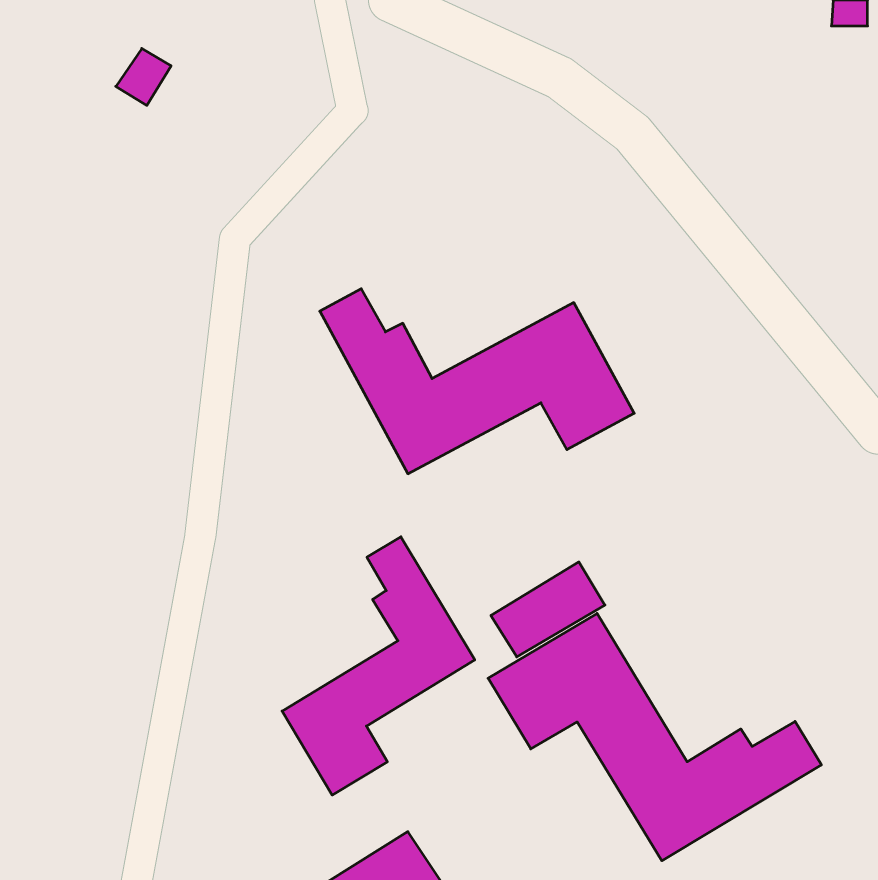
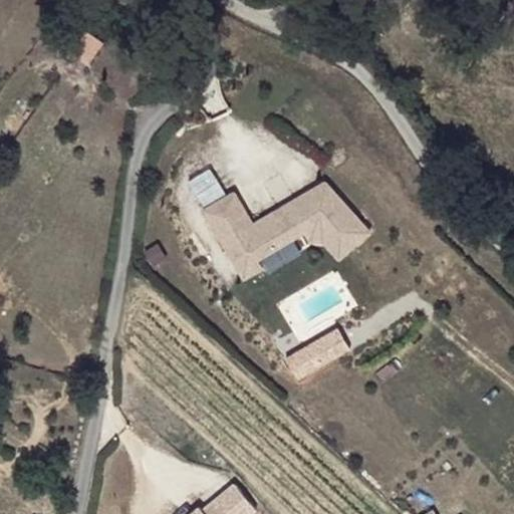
building: [282,537,475,795] -> none
building: [488,613,821,861] -> none

